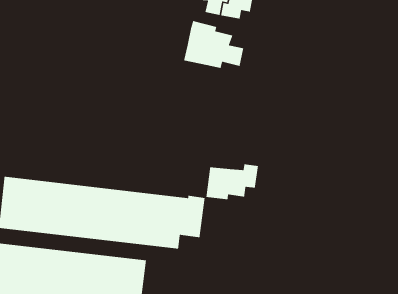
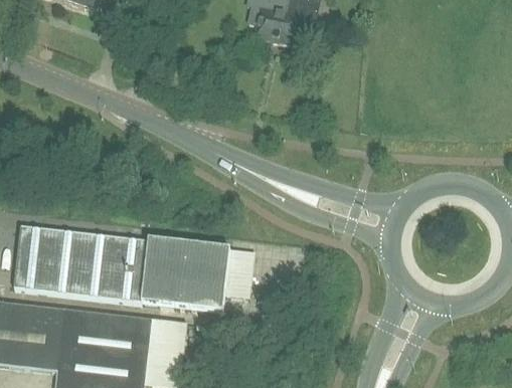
building: [183,20,244,69] -> none
building: [206,164,259,200] -> none

